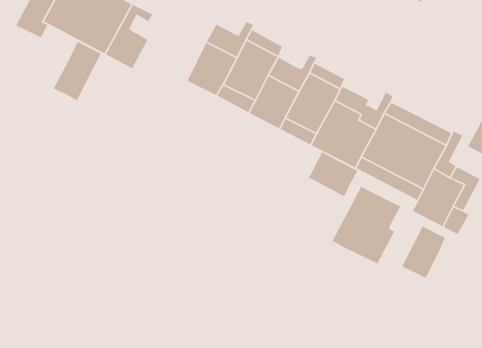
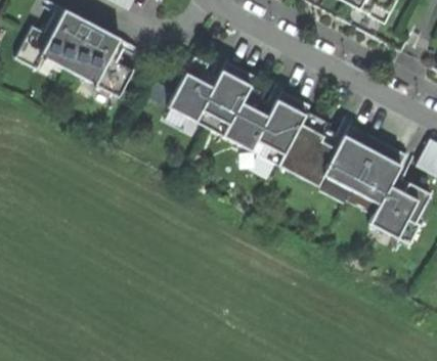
building: [53,41,102,101] -> none
building: [308,151,359,197] -> none
building: [331,185,401,265] -> none
building: [401,225,446,279] -> none

